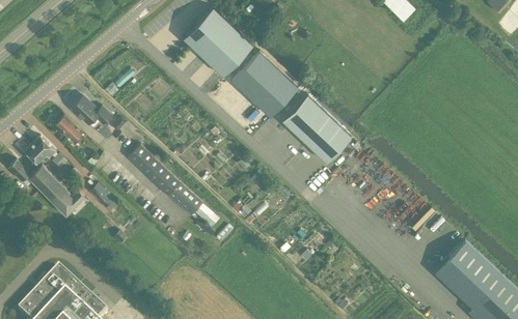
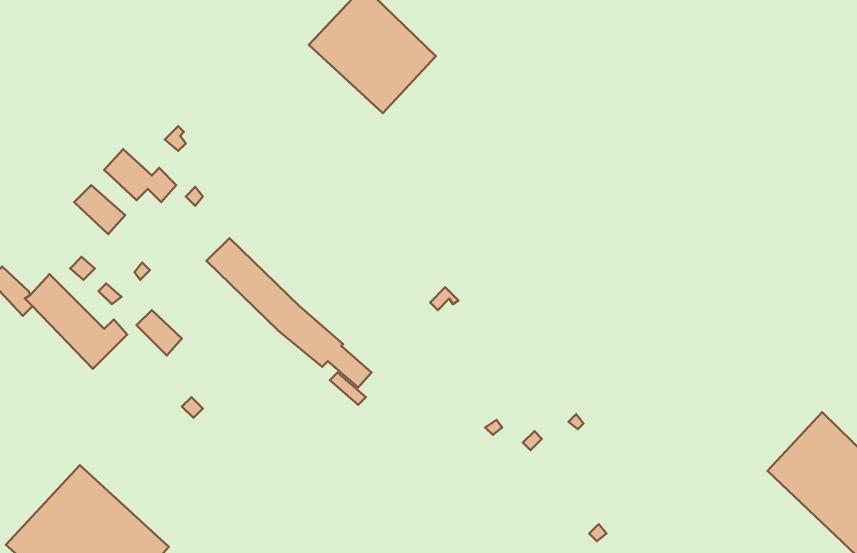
building: [231,52,297,117] -> none
building: [281,94,351,163] -> none
building: [24,137,56,165] -> none

